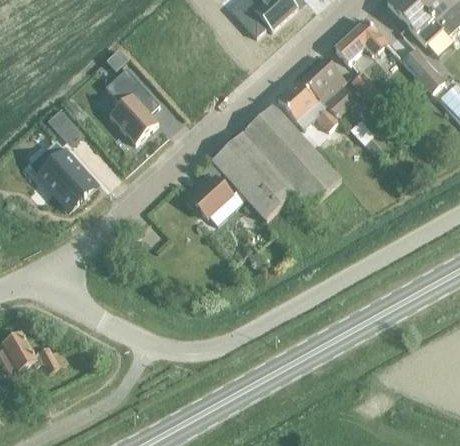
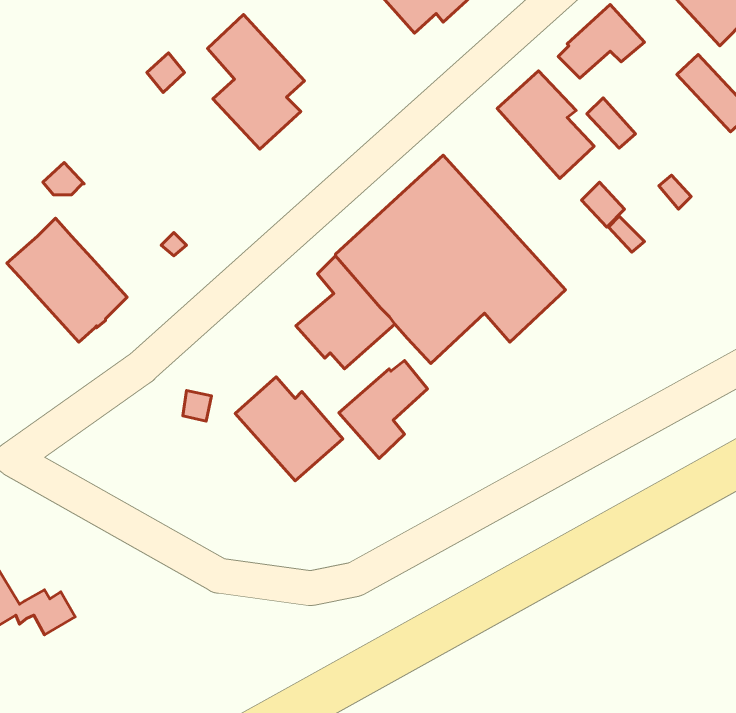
building: [105,67,159,142] -> [208,14,305,149]
building: [276,81,339,131] -> none
building: none -> [339,360,427,458]
building: none -> [235,377,343,481]

